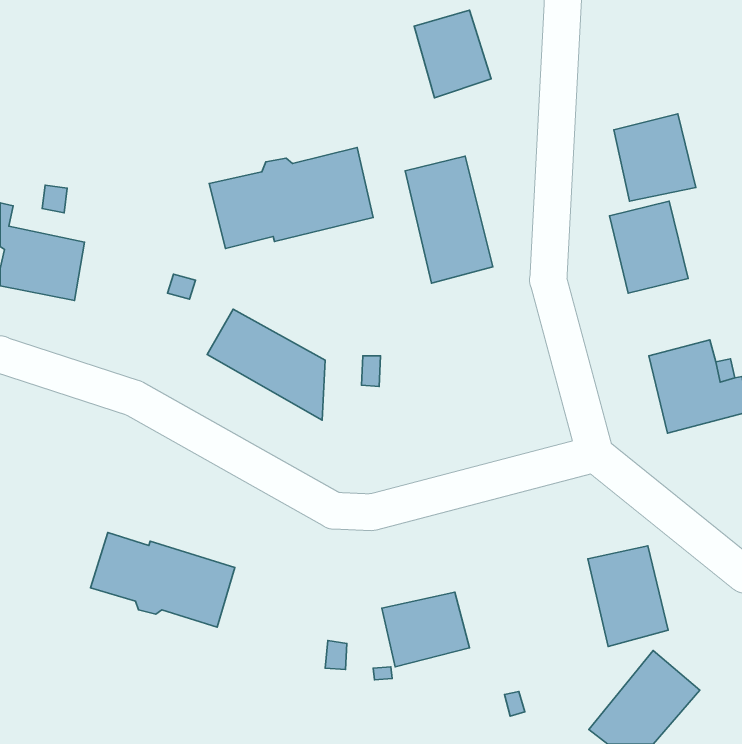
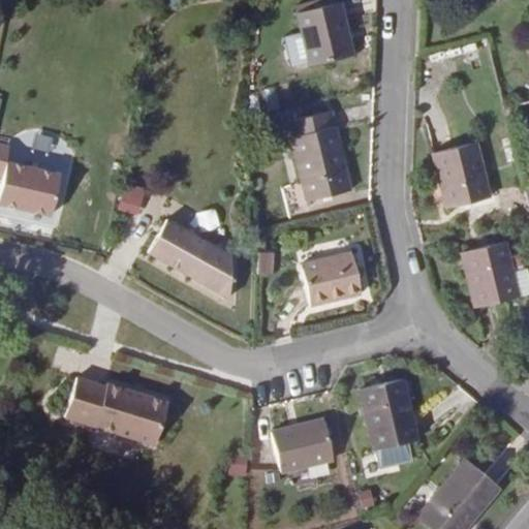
building: [614,114,696,201] -> none
building: [209,147,373,249] -> none
building: none -> [302,252,362,305]
building: [588,546,668,646] -> [361,379,417,450]

